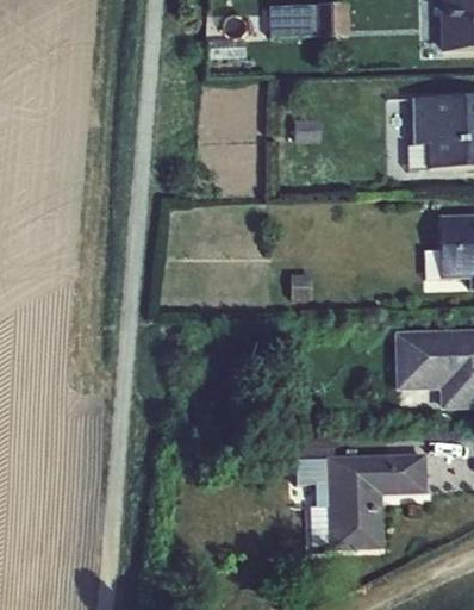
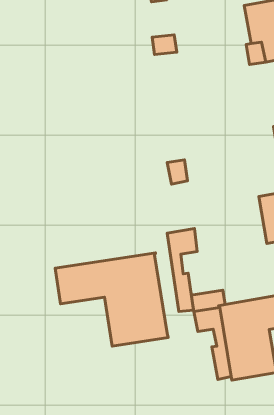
building: none -> [167,229,197,311]
building: none -> [55,253,168,346]

